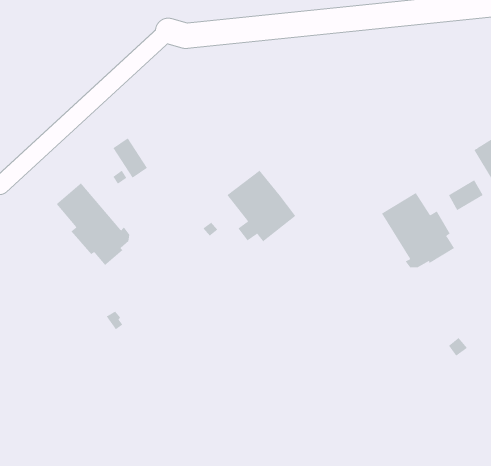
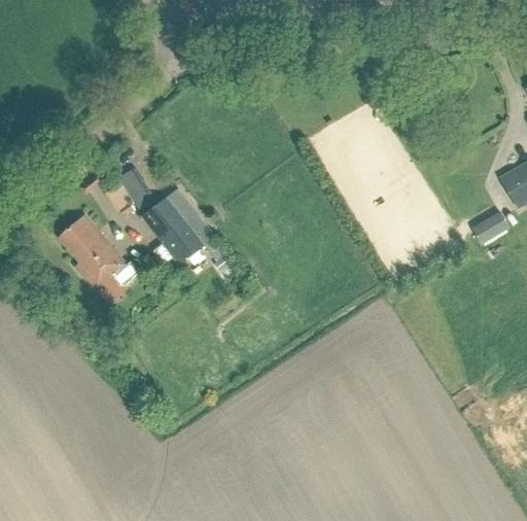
building: [227,170,296,242] -> [141,188,214,265]
building: [381,192,455,268] -> none

